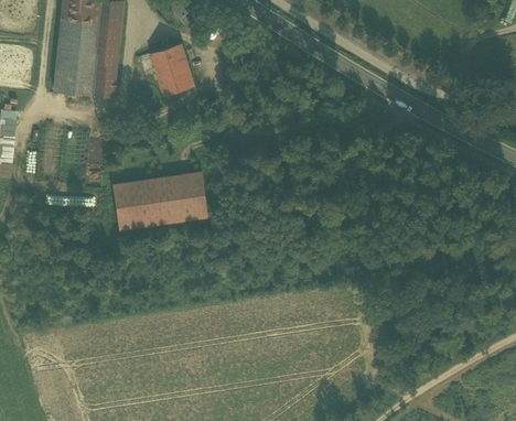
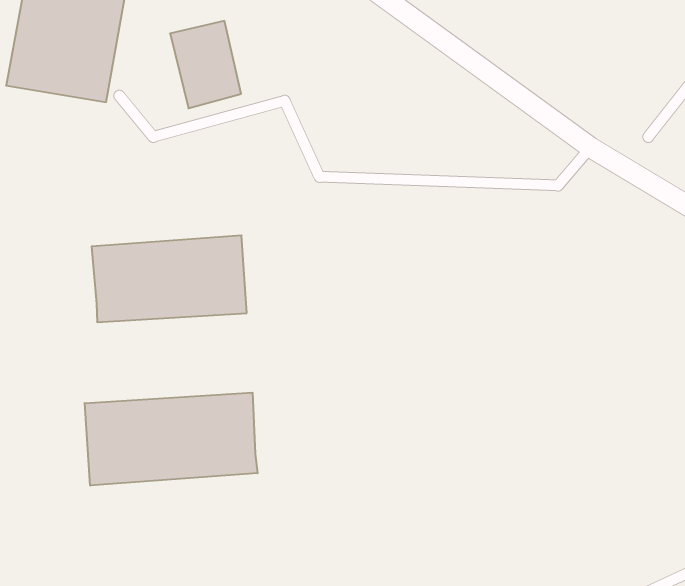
building: none -> [85,393,257,486]

